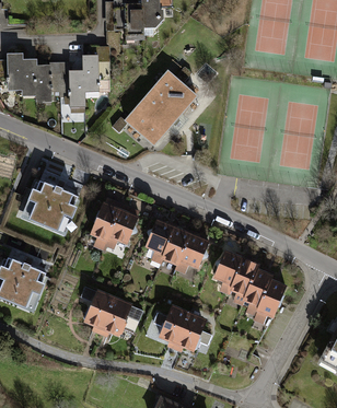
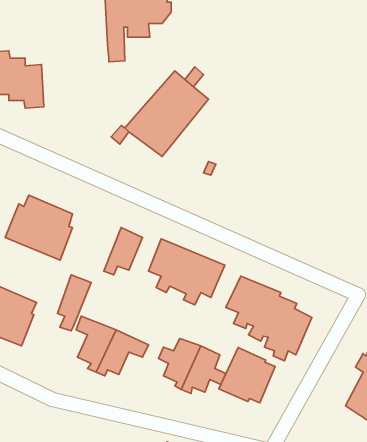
building: [54,46,109,113] -> none
building: [91,201,120,250] -> [57,275,91,331]
building: none -> [219,348,275,403]

